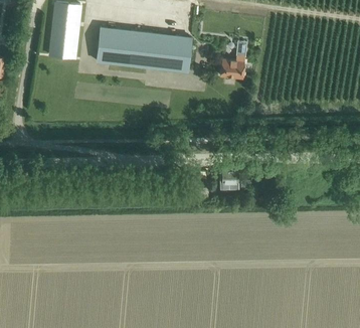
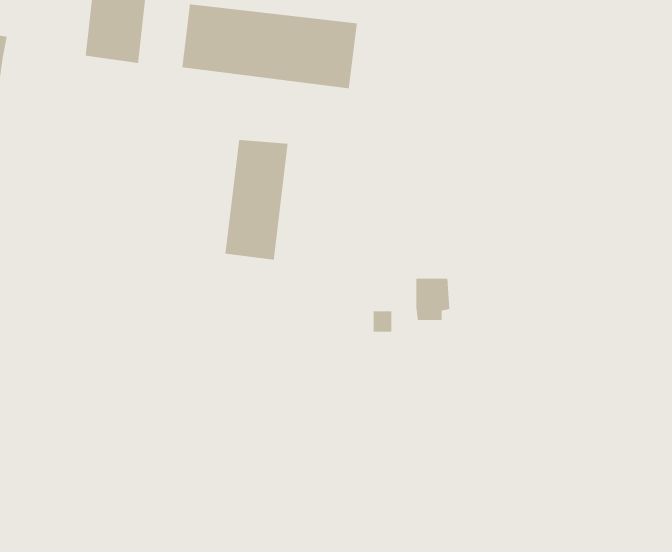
building: [219,54,244,78] -> none
building: none -> [225,139,288,260]

